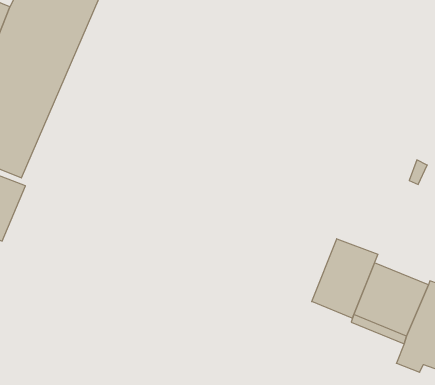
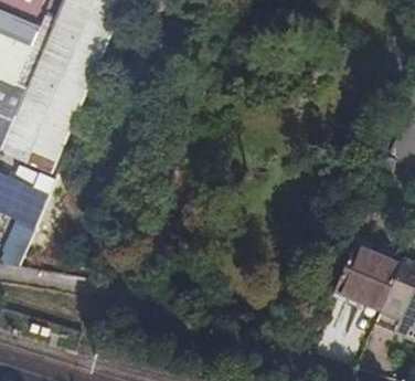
building: [312,239,378,318] -> none

